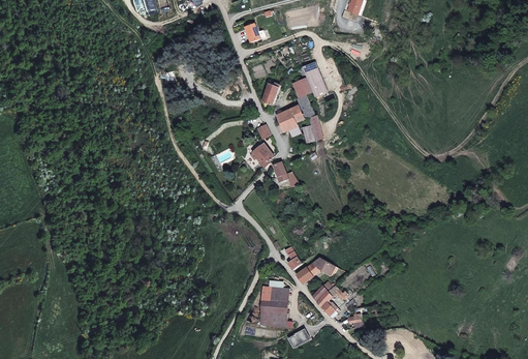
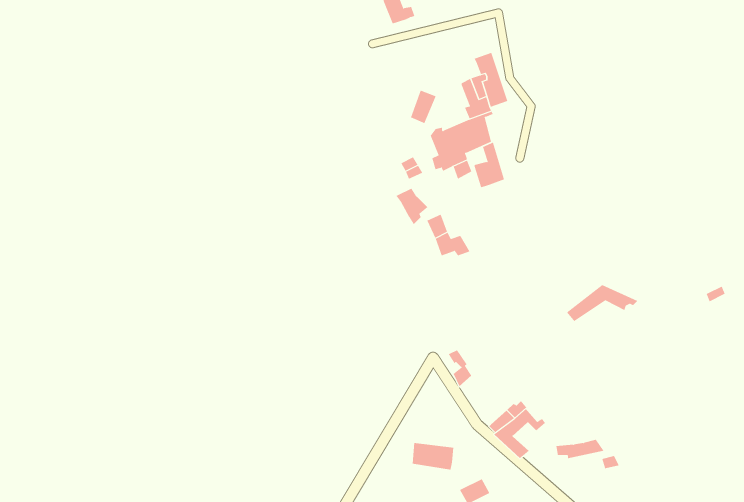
building: [297,261,342,285] -> [566,285,638,322]
building: [263,277,291,310] -> none

